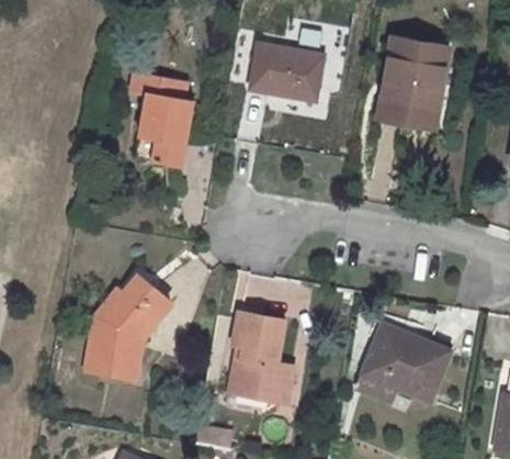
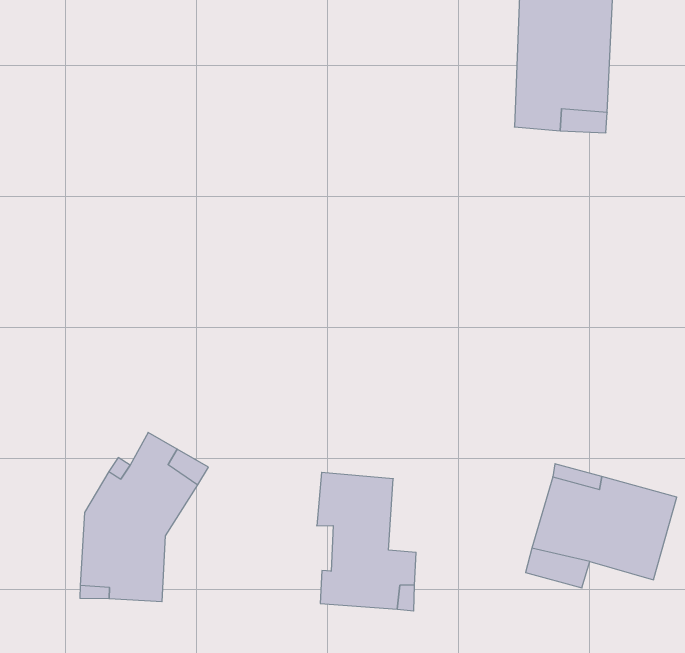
building: [249,42,325,101] -> none
building: [128,72,191,167] -> none

